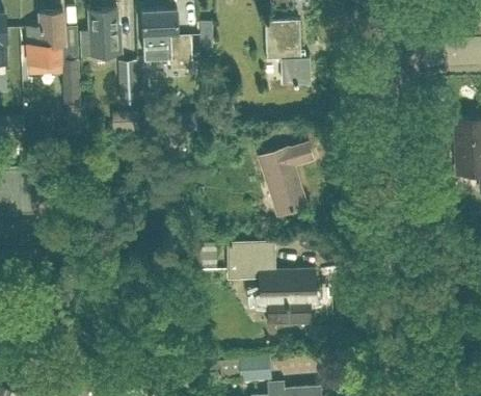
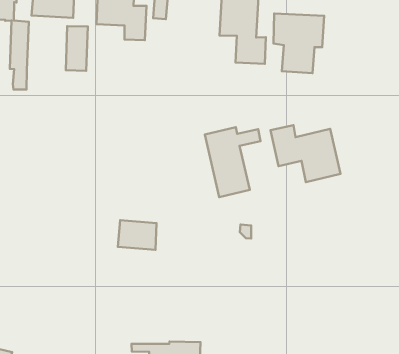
building: none -> [273,13,324,73]
building: none -> [270,125,341,182]
building: [229,243,321,325] -> none

